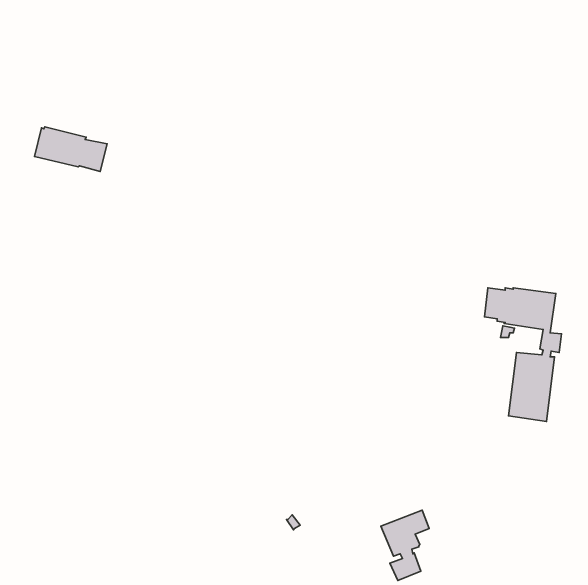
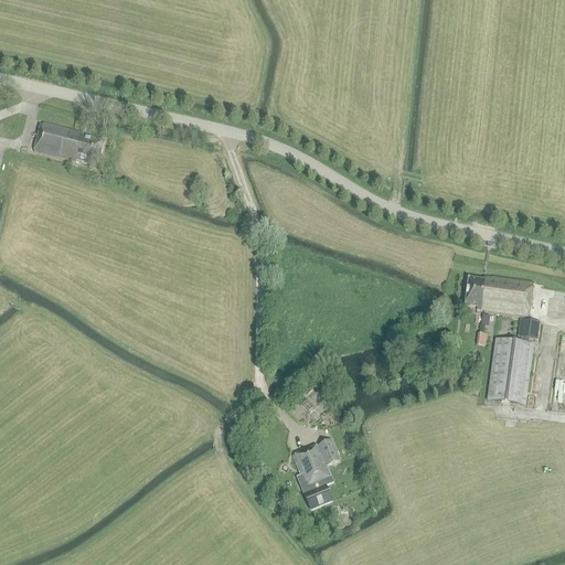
building: [381,510,429,580] -> [294,441,340,509]

